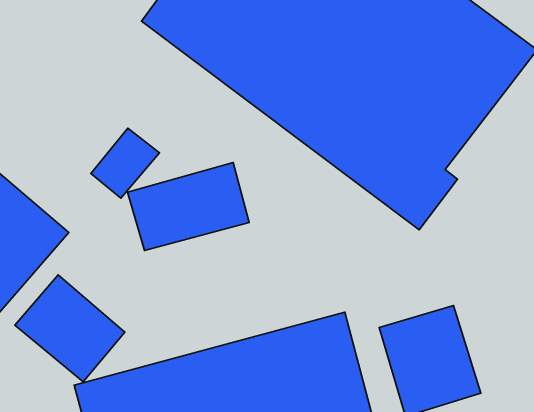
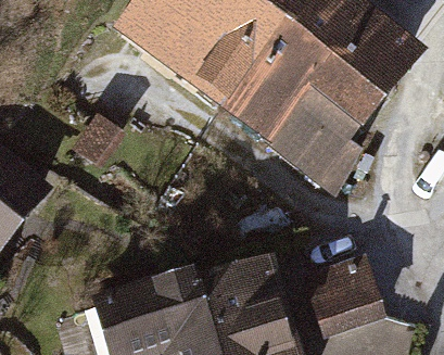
building: [128,162,249,251] -> none
building: [15,275,125,382] -> none

